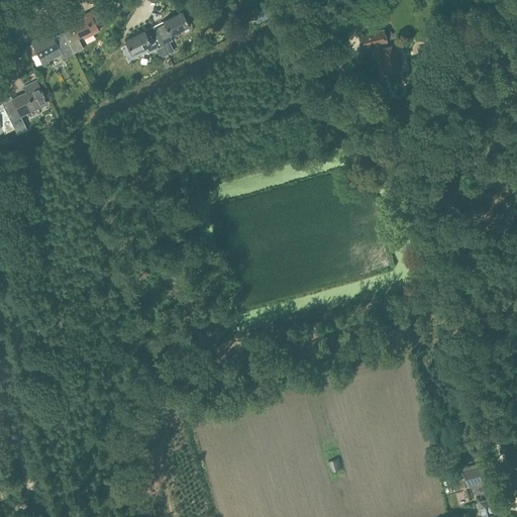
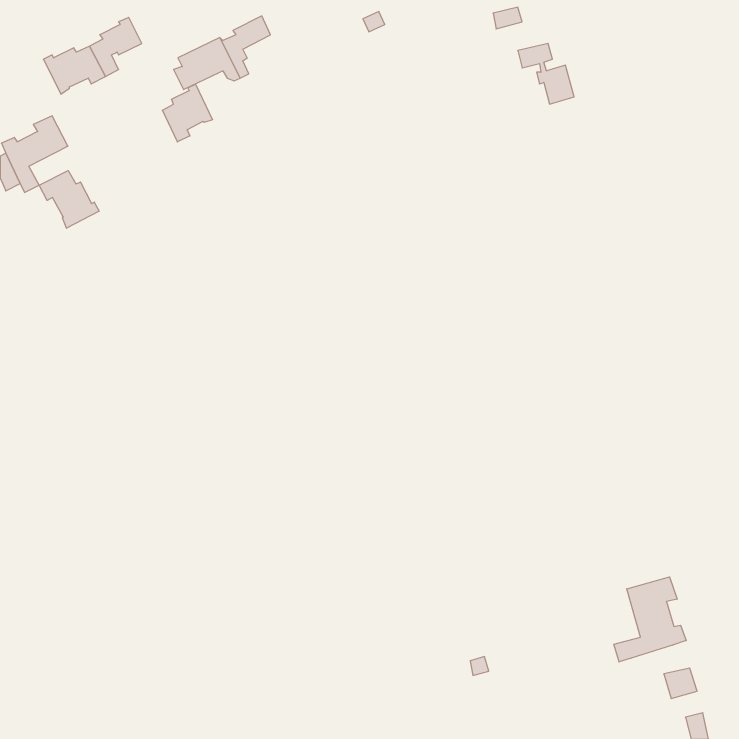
building: none -> [163,84,213,142]
building: none -> [39,171,99,228]
building: none -> [614,577,686,662]

